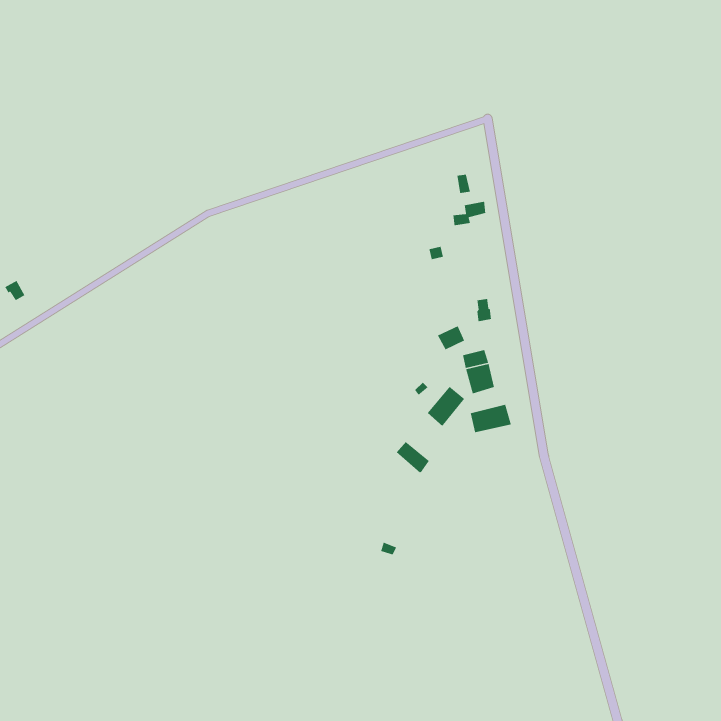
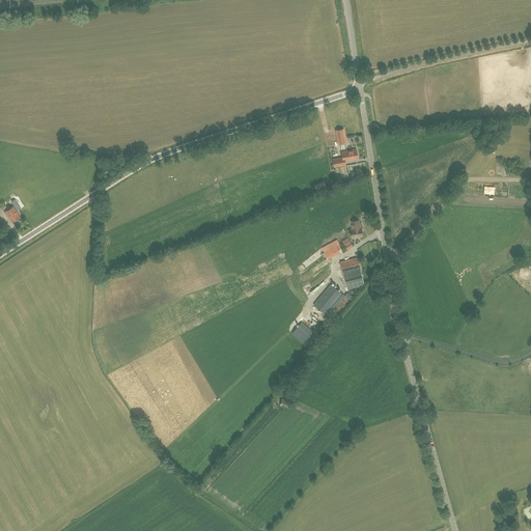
building: [470,404,512,433] -> none

